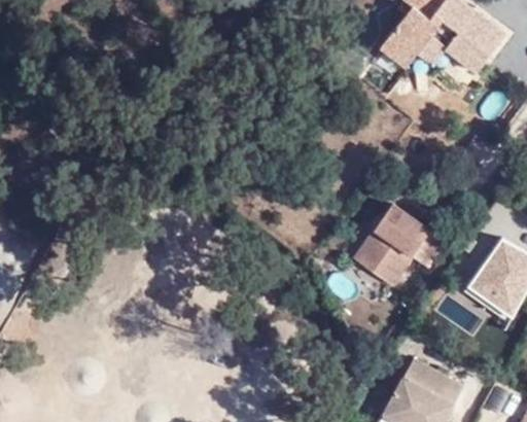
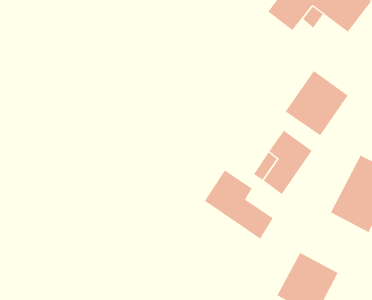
building: none -> [285,70,349,136]
building: none -> [204,169,274,240]

